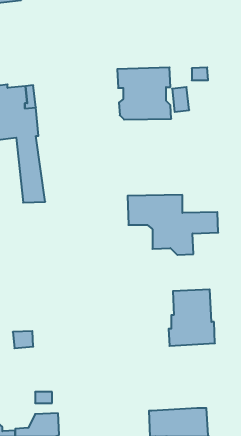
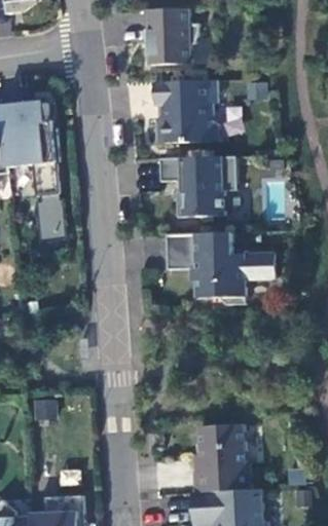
building: none -> [145,10,198,66]
building: none -> [159,157,235,218]
building: [169,289,215,346] -> [193,425,249,493]

